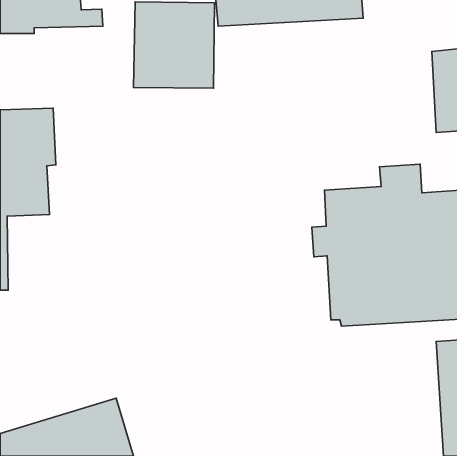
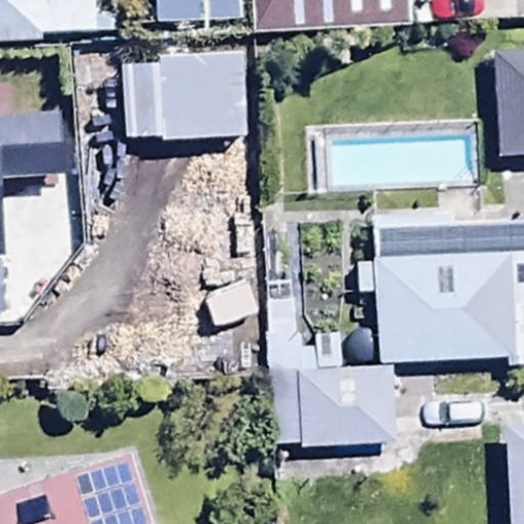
building: none -> [265,313,396,450]

